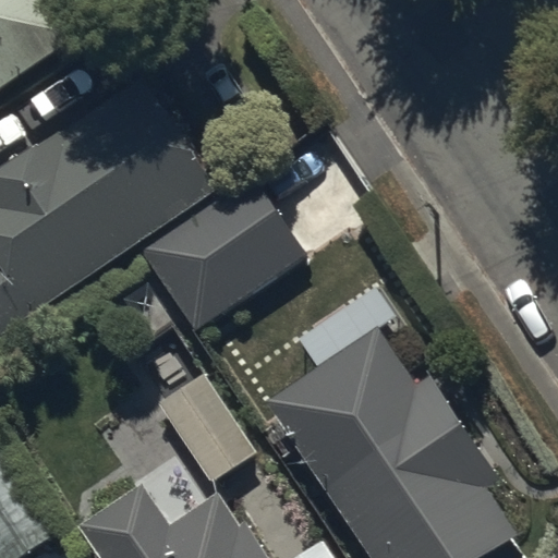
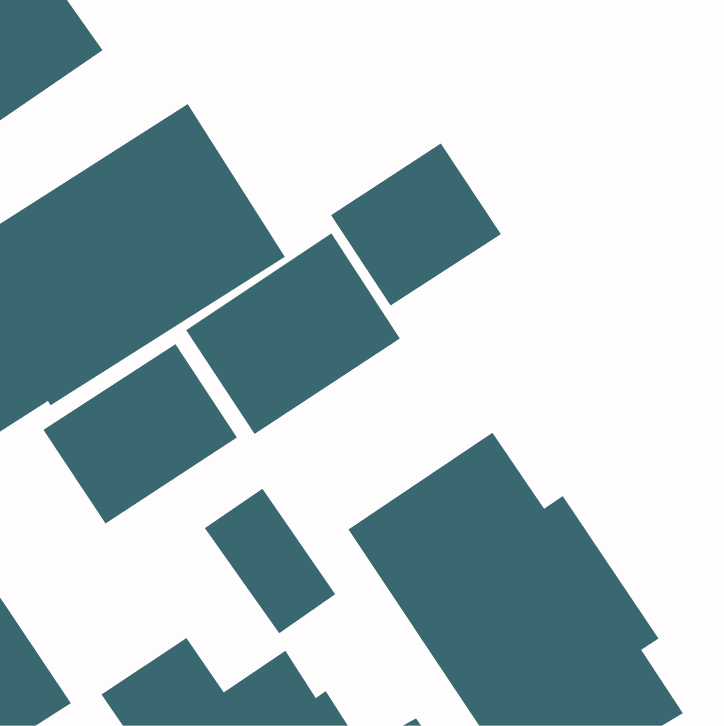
building: none -> [330,142,502,306]
building: none -> [42,343,238,524]

